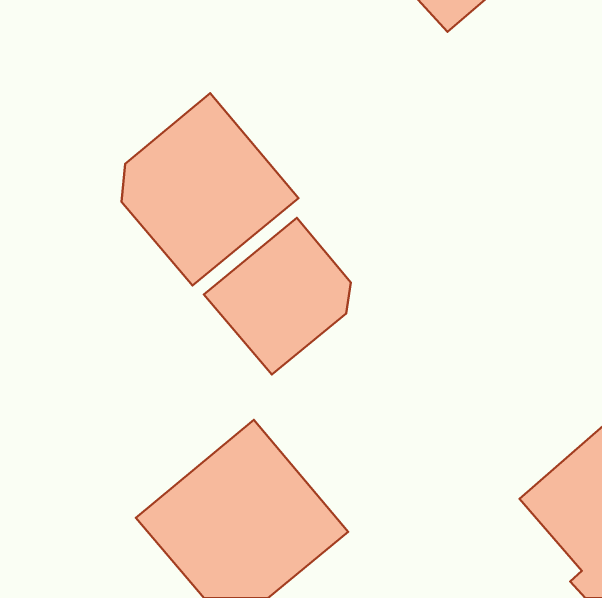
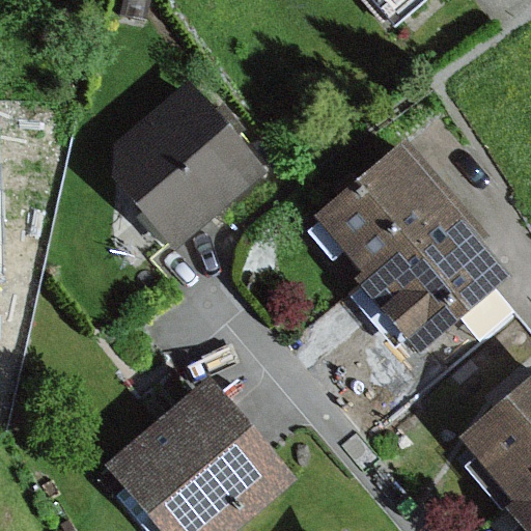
building: none -> [311,143,505,357]
building: [204,218,351,375] -> none

